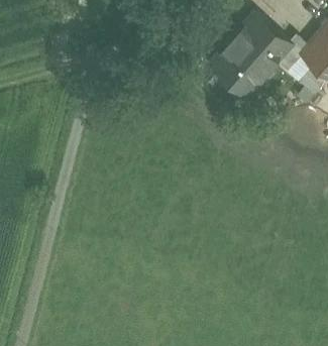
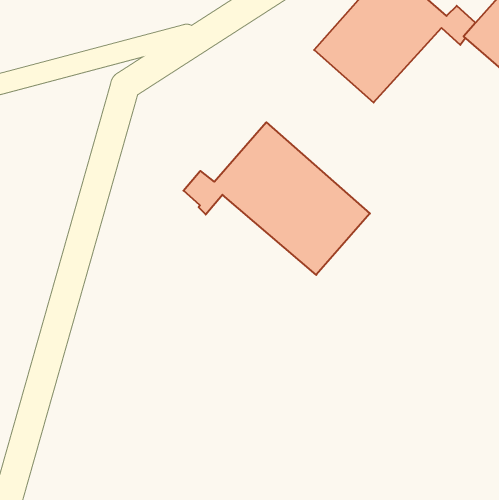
building: none -> [183,122,370,275]

